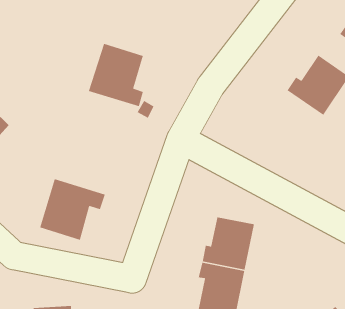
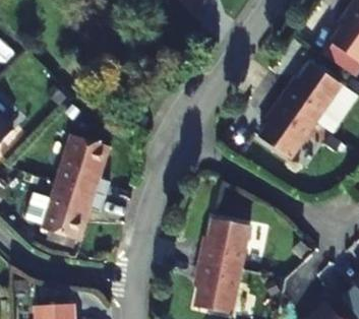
building: [88,43,144,107] -> [56,135,110,197]
building: none -> [258,98,315,160]

